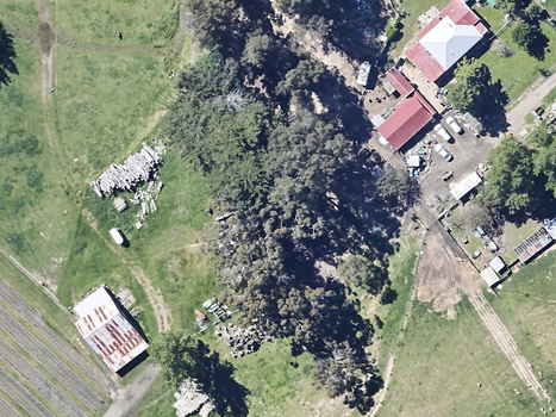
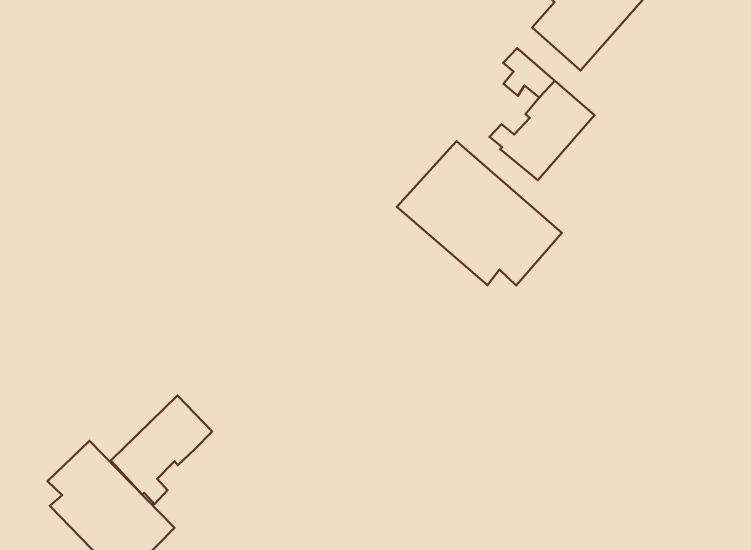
building: none -> [397,141,562,286]
building: none -> [111,395,212,504]

